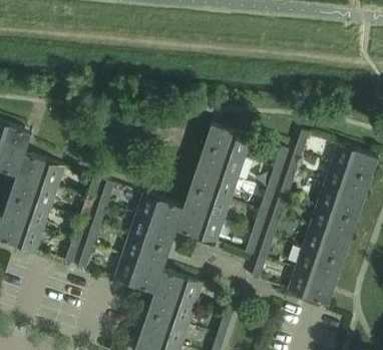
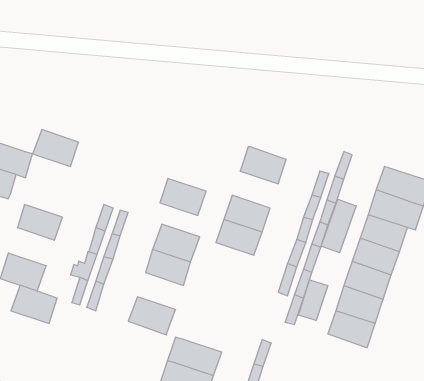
building: [204,149,244,182] -> [160,179,206,215]
building: [23,157,63,190] -> [32,130,79,166]
building: none -> [321,199,356,253]
building: [9,199,49,232] -> [11,285,57,323]
building: [182,212,223,245] -> none
building: [121,238,161,270] -> none
building: none -> [298,280,328,321]
building: [154,272,202,307] -> none

